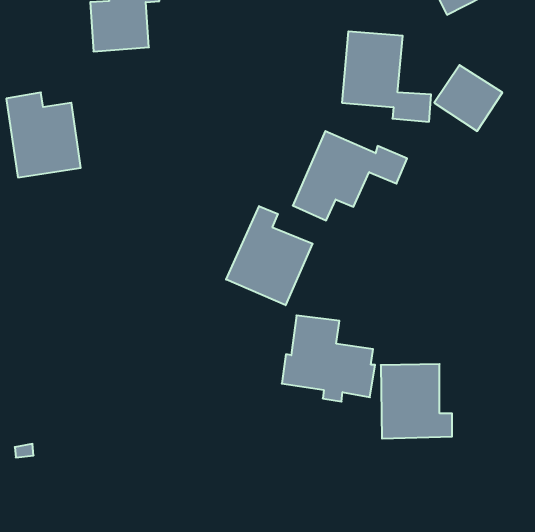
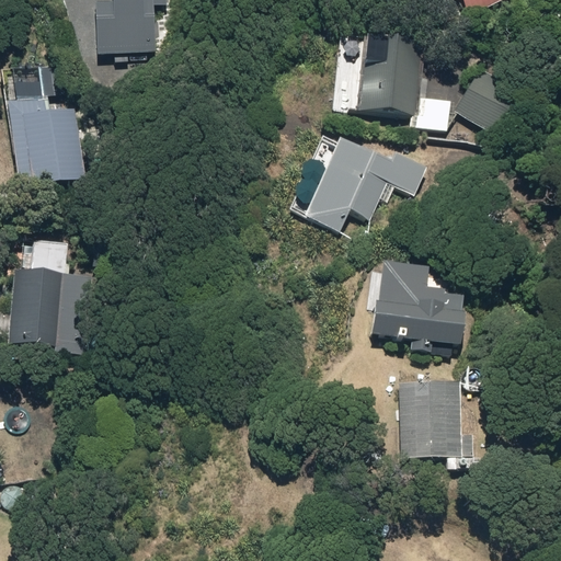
building: [226,206,313,305] -> none
building: none -> [8,268,90,352]
building: [282,315,375,402] -> [368,260,466,350]

